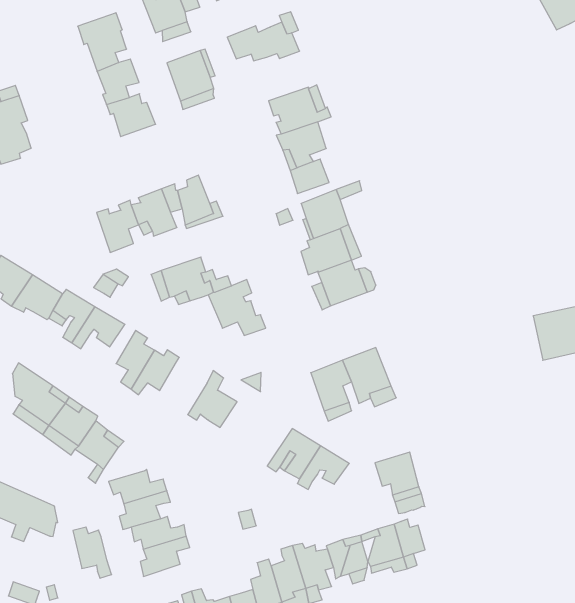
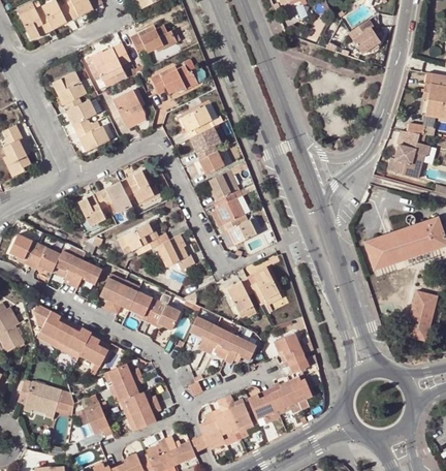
building: none -> [130,293,160,325]
building: none -> [190,317,218,353]

